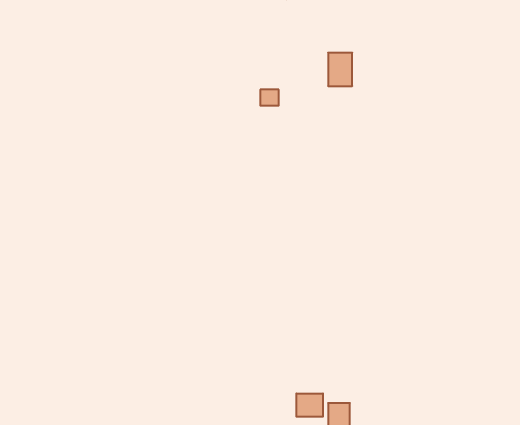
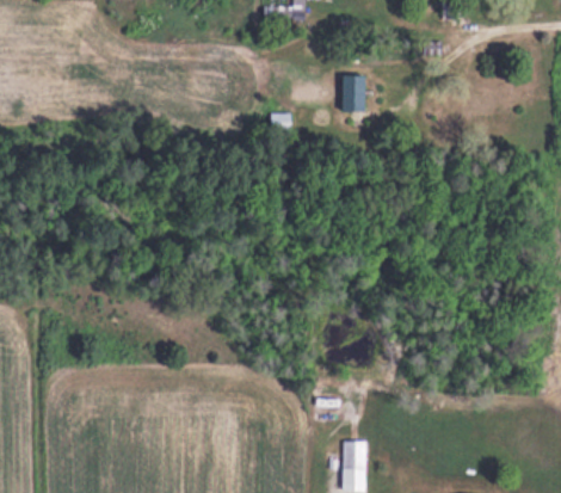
building: [296,393,323,417] -> none

